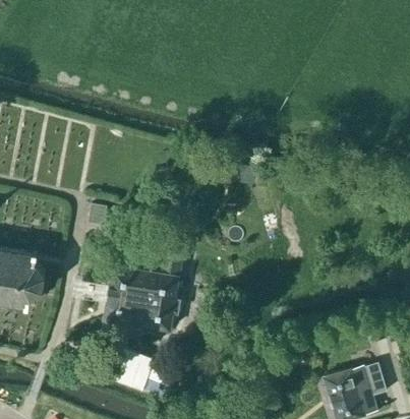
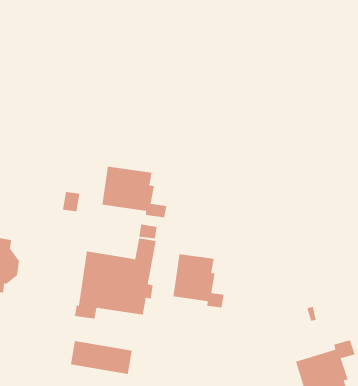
building: none -> [102,166,167,218]
building: none -> [173,253,224,308]

